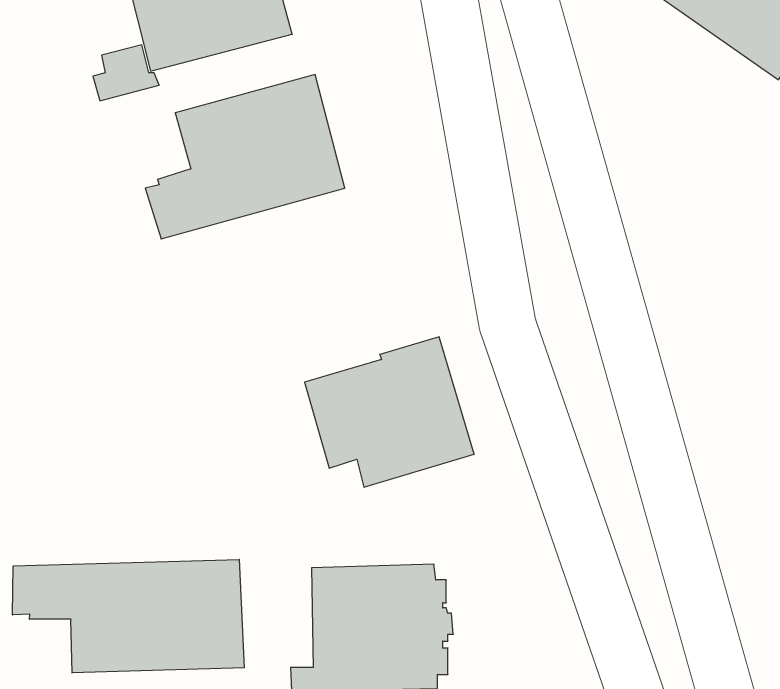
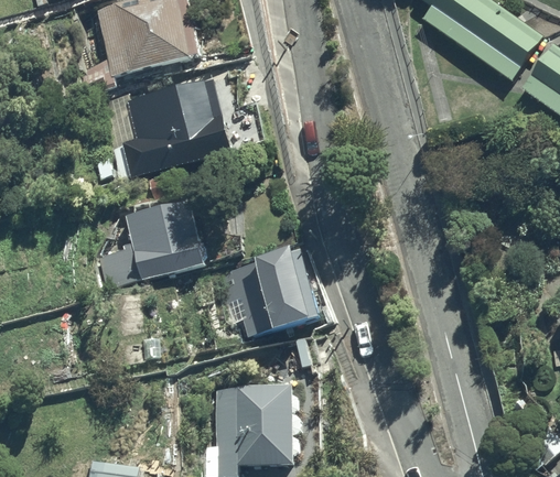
building: none -> [101,195,209,288]
building: [13,559,244,673] -> none

